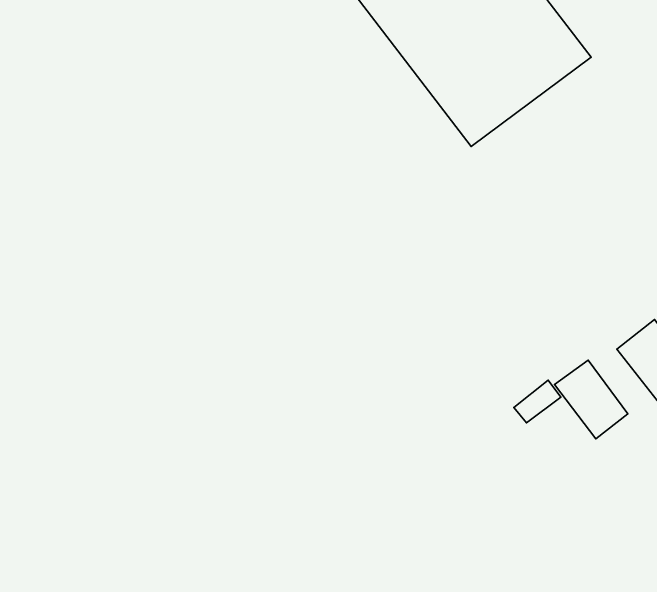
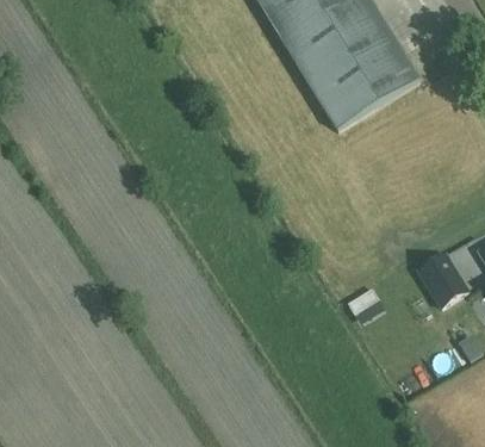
building: [554,360,628,439] -> none

